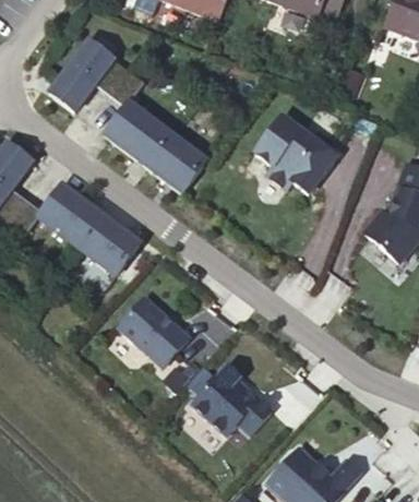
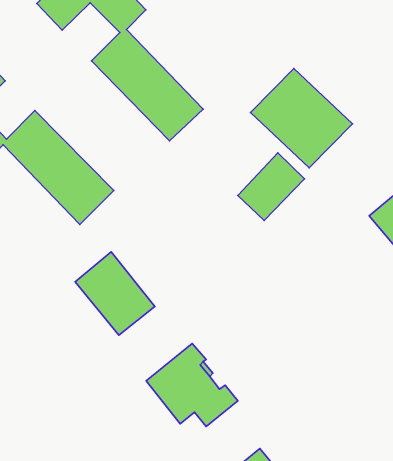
building: none -> [238,153,305,220]

